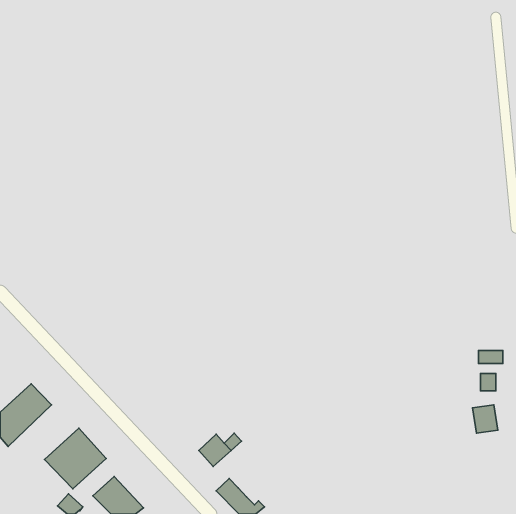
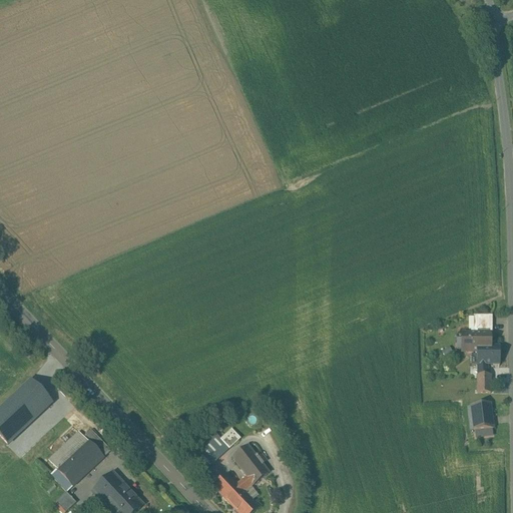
building: none -> [457,328,490,348]
building: none -> [232,446,270,493]

